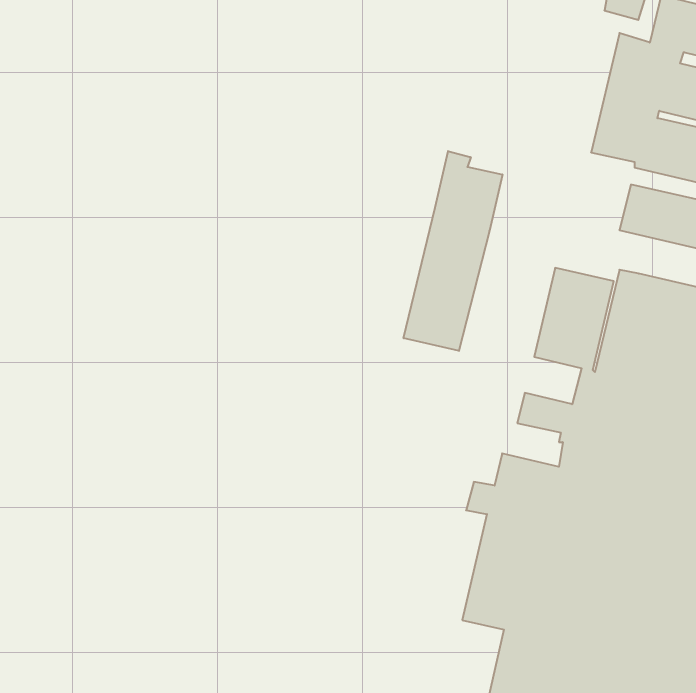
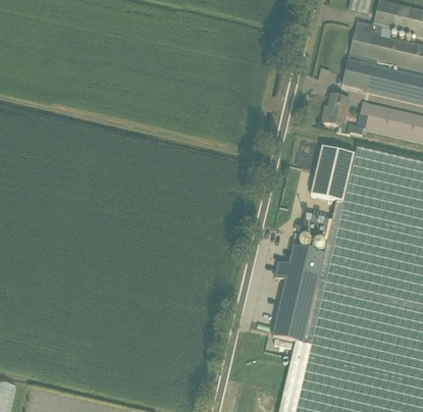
building: [404,151,502,351] -> none
building: none -> [322,94,350,126]

